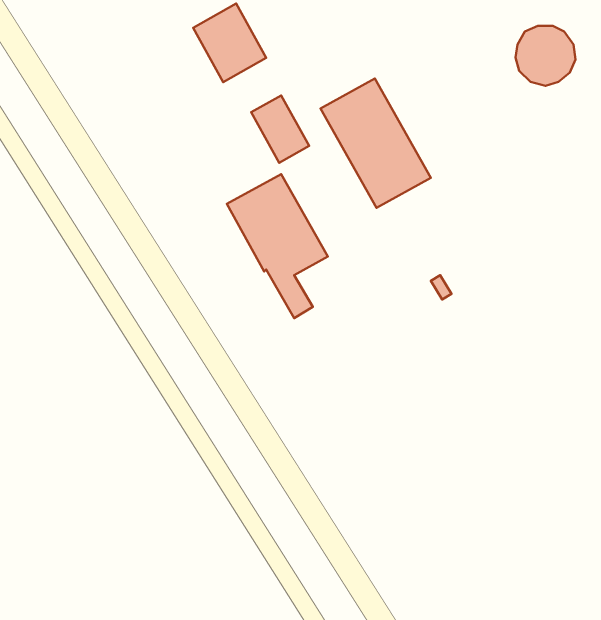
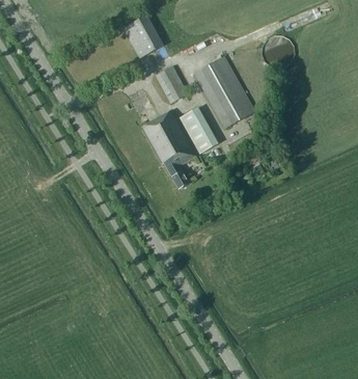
building: [515,26,575,86] -> [261,35,295,69]
building: none -> [180,107,219,154]

